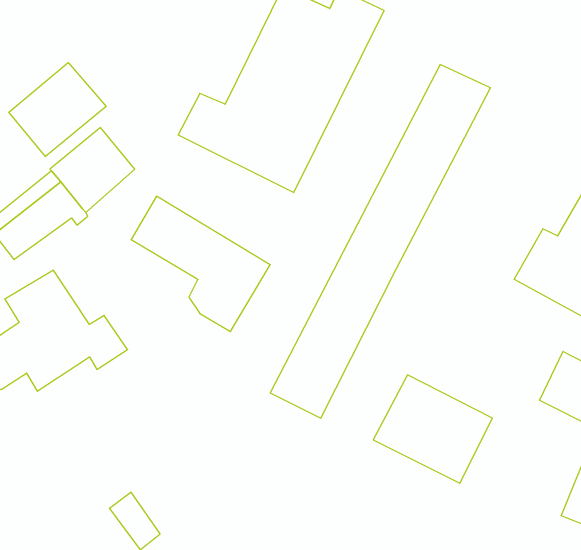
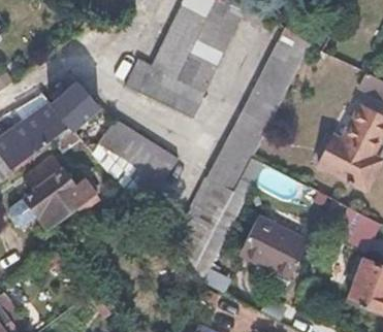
building: [9,63,106,156] -> none

